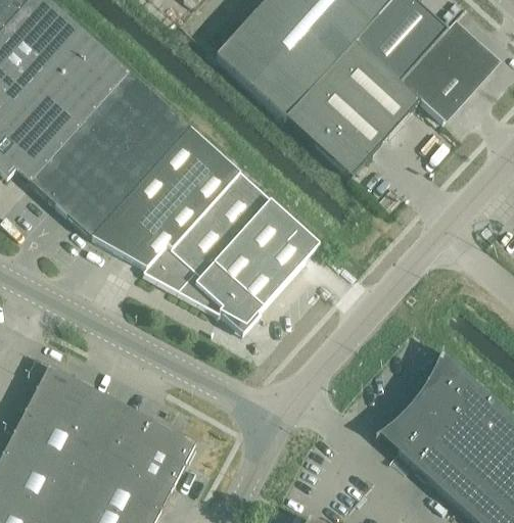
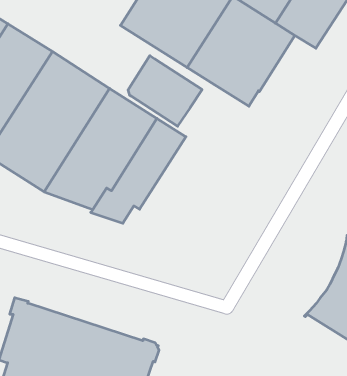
building: none -> [128,56,202,126]
building: [179,199,320,325] -> none

